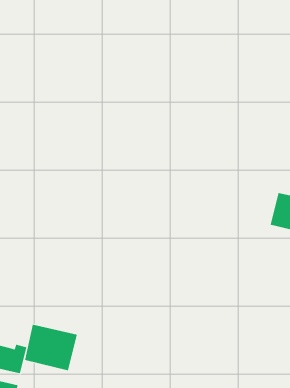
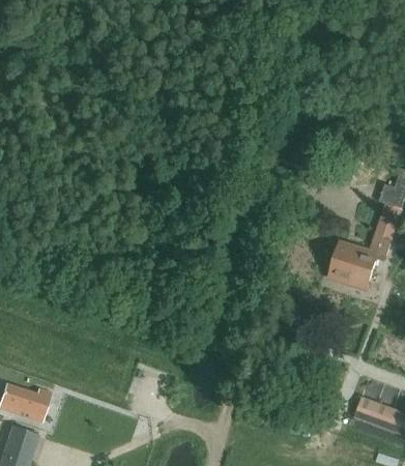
building: [25,324,78,371] -> none

